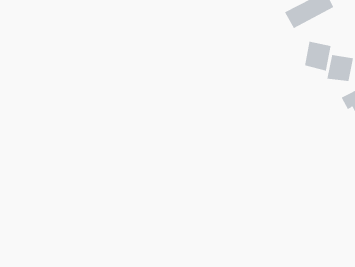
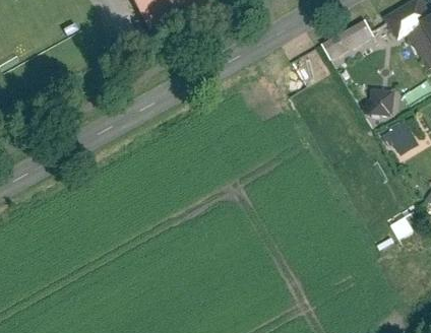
building: [305,41,331,72] -> none

